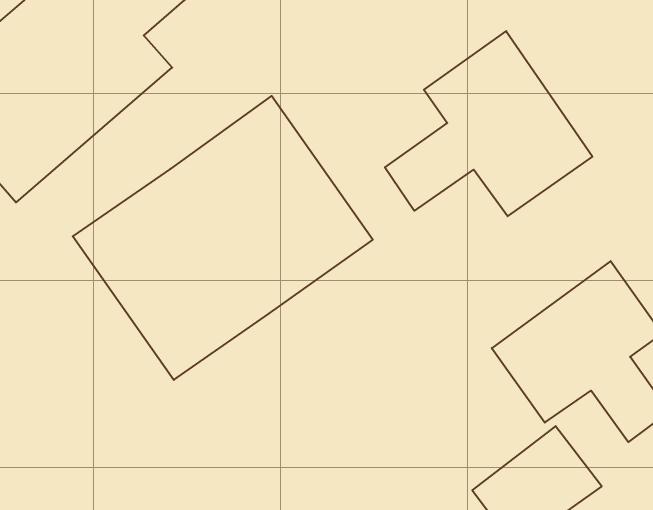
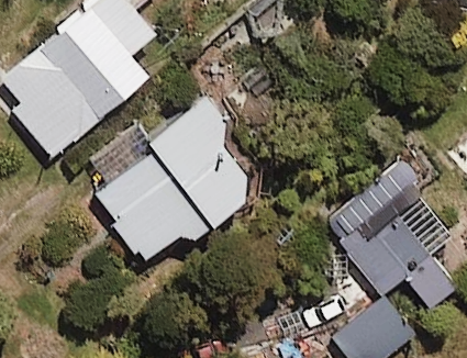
building: [385,31,592,216] -> none

